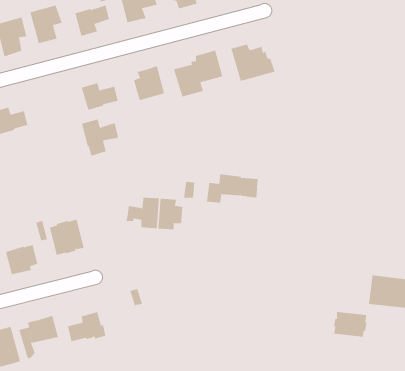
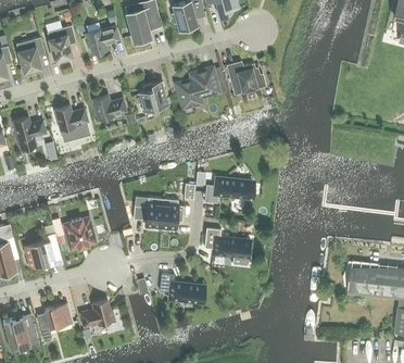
building: [81,119,119,156] -> [54,105,88,139]
building: none -> [200,234,245,271]
building: none -> [160,274,203,303]
building: [333,311,367,338] -> none

